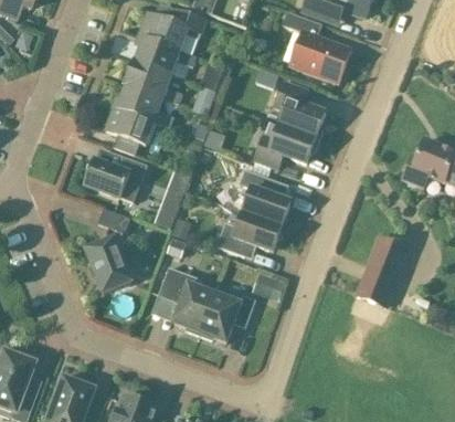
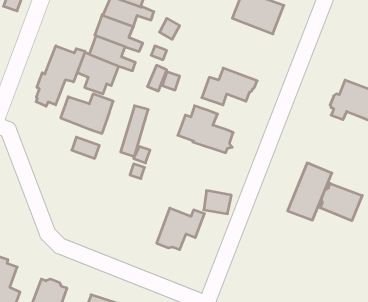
building: [273,81,325,139] -> none
building: none -> [36,46,85,106]
building: [216,212,283,256] -> none
building: [86,236,133,293] -> none
building: none -> [320,183,362,221]
building: [159,266,214,334] -> none

